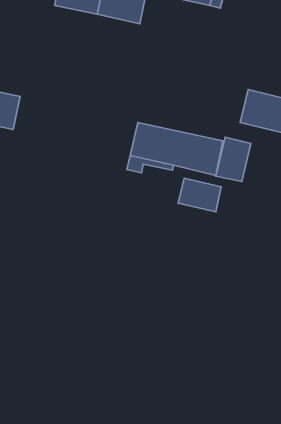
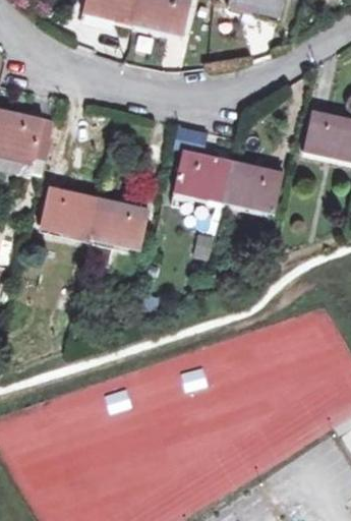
building: [216,137,251,182] -> none
building: none -> [40,187,148,267]
building: [178,178,221,212] -> none

